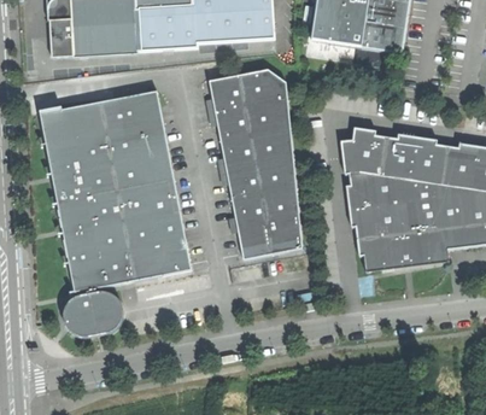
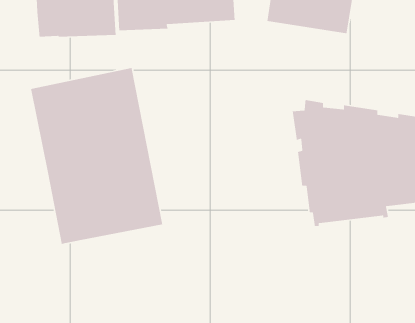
building: [210,69,303,258] -> none
building: [64,291,123,335] -> none

